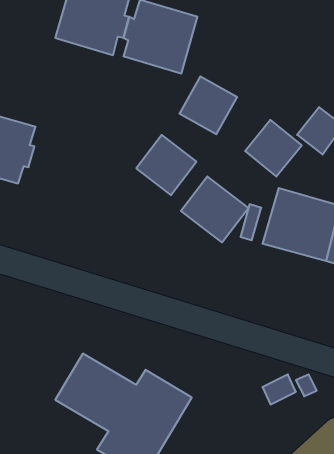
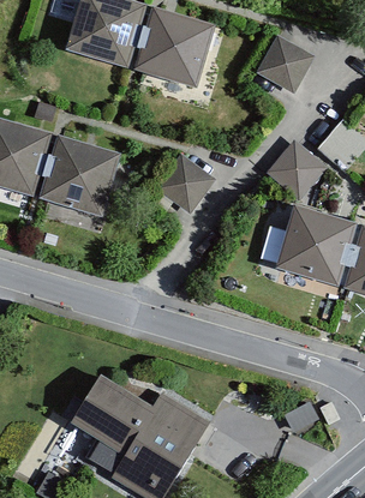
building: [179,76,237,134] -> [253,31,313,91]
building: none -> [40,144,118,221]
building: [181,176,249,242] -> none

